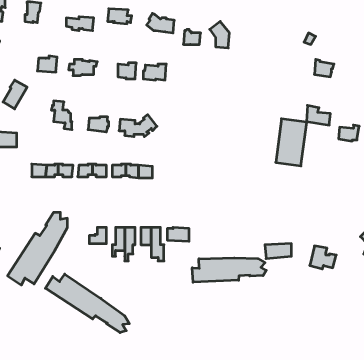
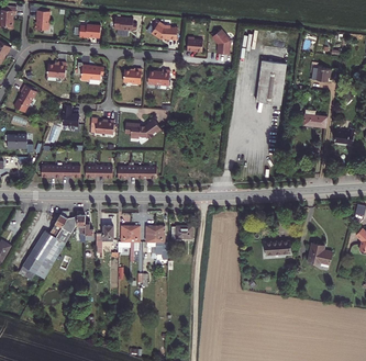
building: [276,119,307,166] -> [256,59,286,104]
building: [192,258,266,282] -> none
building: [45,274,129,333] -> none

